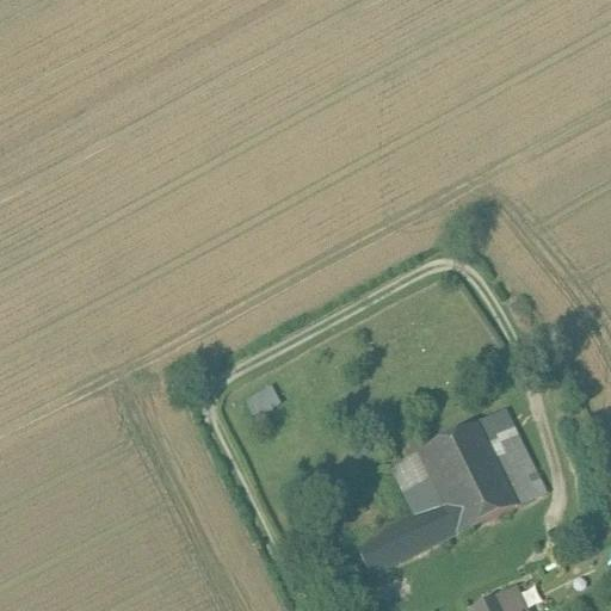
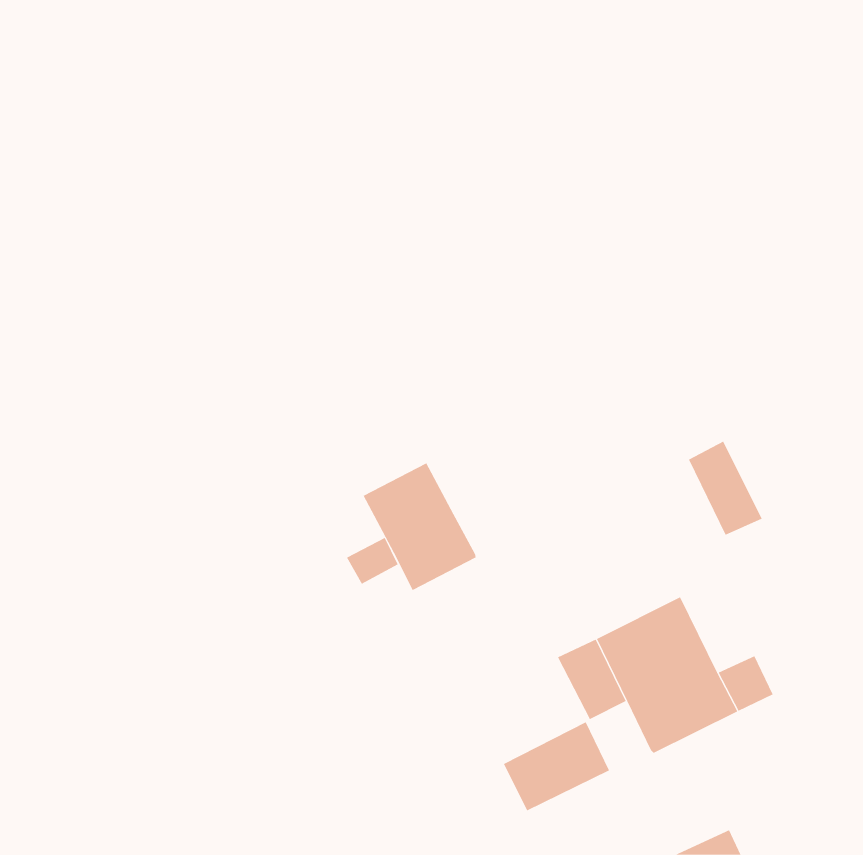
building: none -> [363,462,476,591]
building: [481,408,533,475] -> [688,441,762,536]
building: [414,495,459,544] -> none

